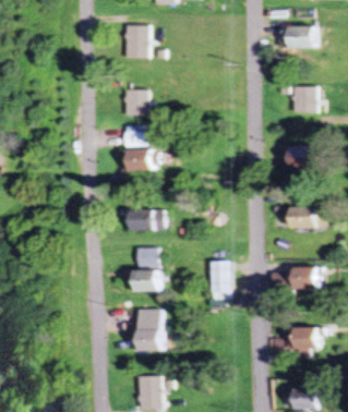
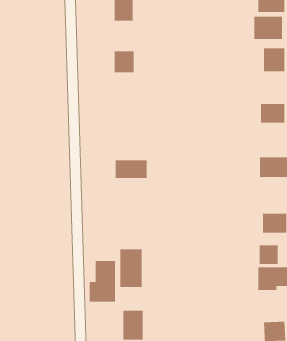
building: none -> [254,16,283,40]
building: [128,126,155,171] -> none
building: [131,246,160,292] -> [89,261,116,302]
building: [211,262,230,293] -> none
building: none -> [259,245,278,265]

